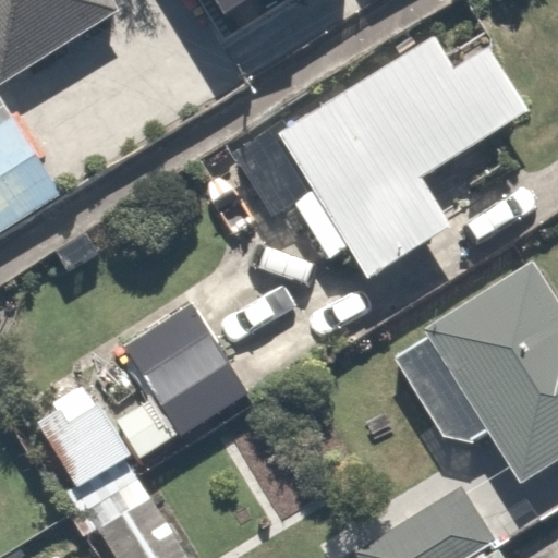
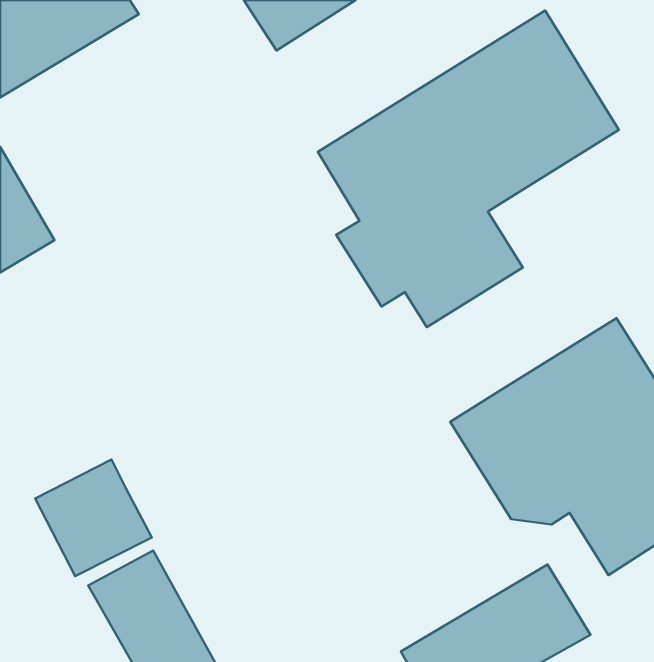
building: [113,300,250,452] -> none

